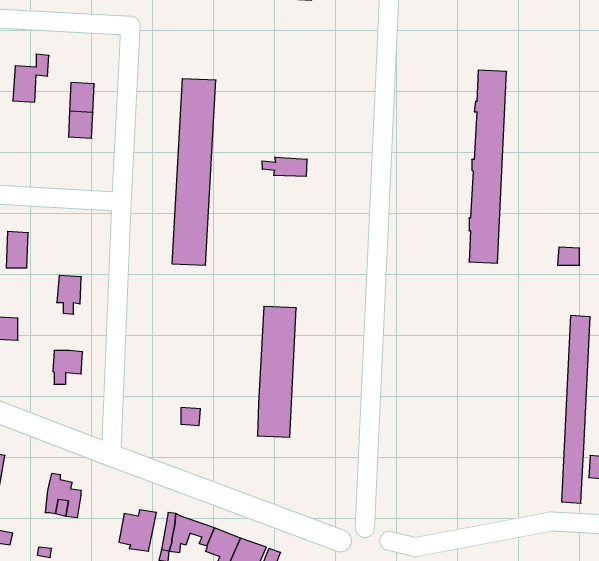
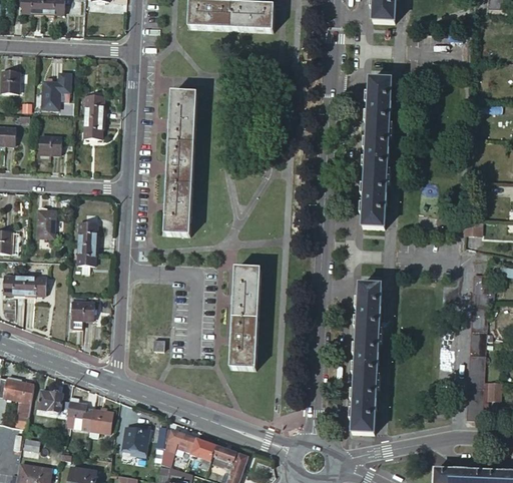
building: [469,70,507,263] -> [361,79,390,228]
building: none -> [37,134,61,153]
building: [262,157,307,176] -> none
building: none -> [76,221,94,244]
building: none -> [350,284,380,433]
building: none -> [38,390,69,411]
building: none -> [90,407,113,434]

